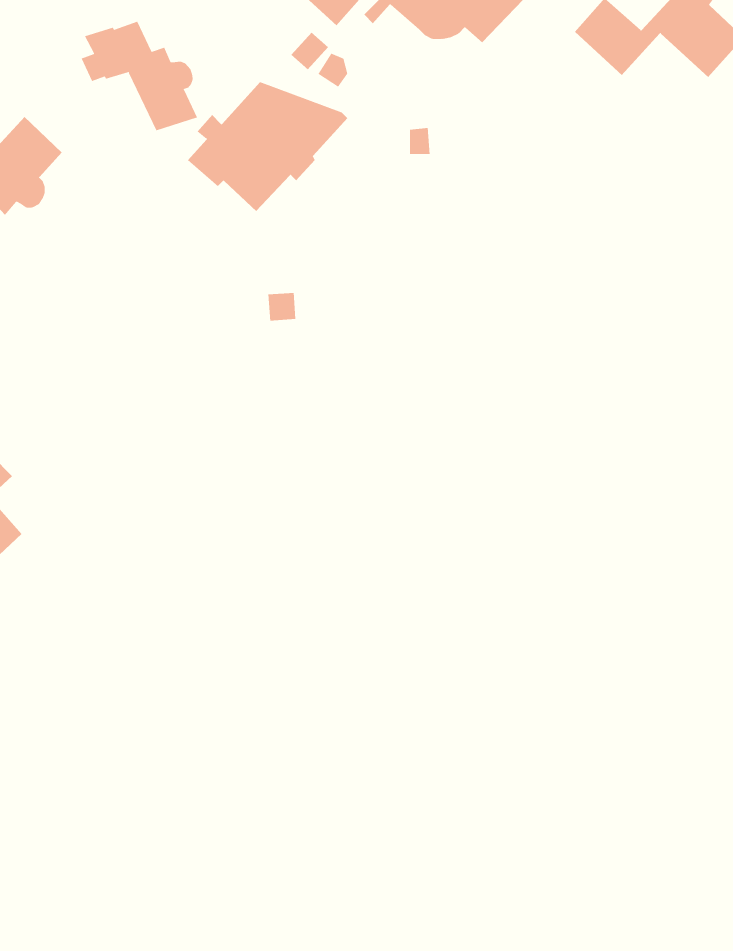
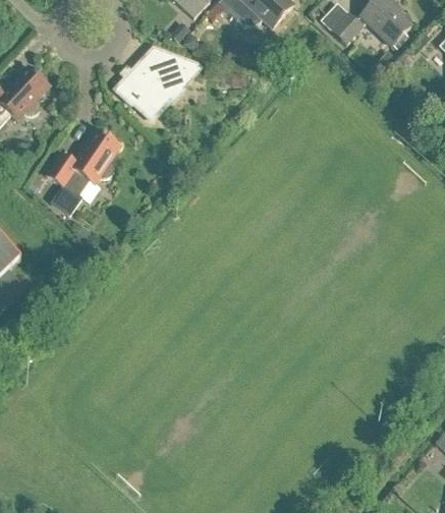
building: [81,21,198,131] -> none
building: none -> [48,128,120,215]

